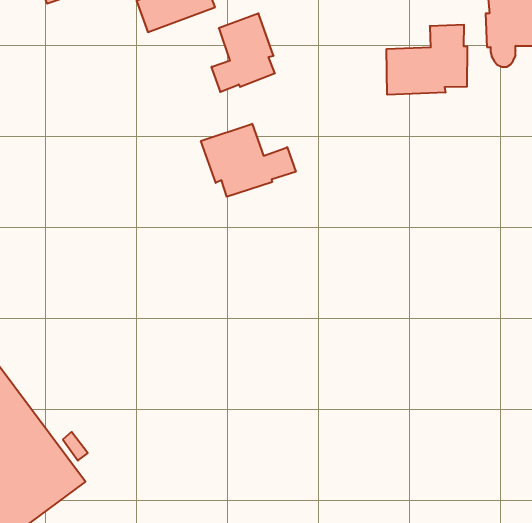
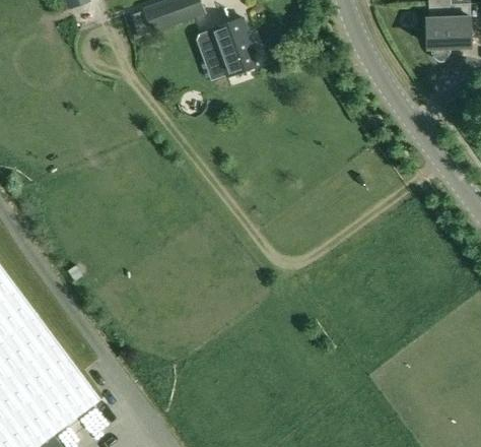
building: [387,25,467,95] -> none
building: [201,124,296,197] -> none

